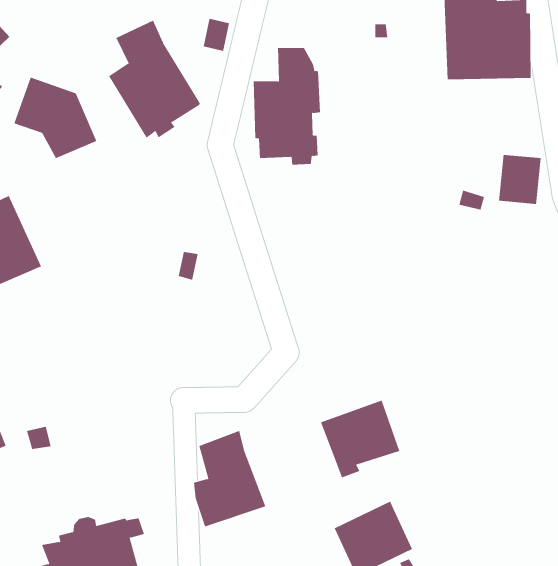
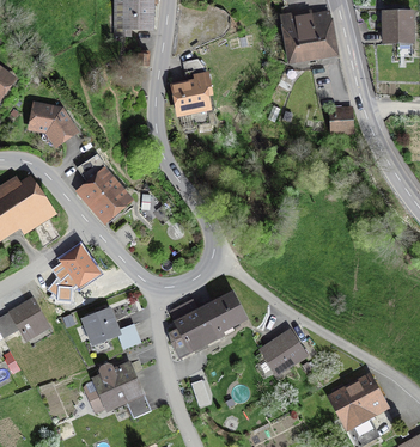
building: [108,20,200,138] -> [74,153,133,226]
building: none -> [48,245,99,295]
building: [320,400,400,478] -> [196,290,248,342]
building: none -> [79,307,141,353]

